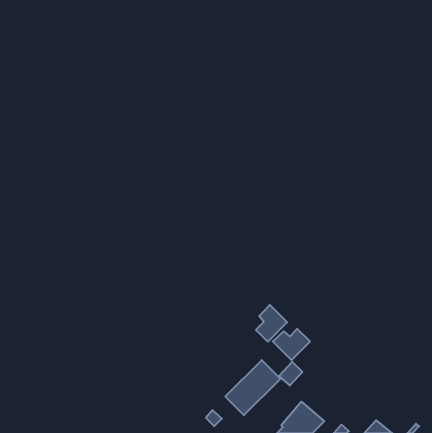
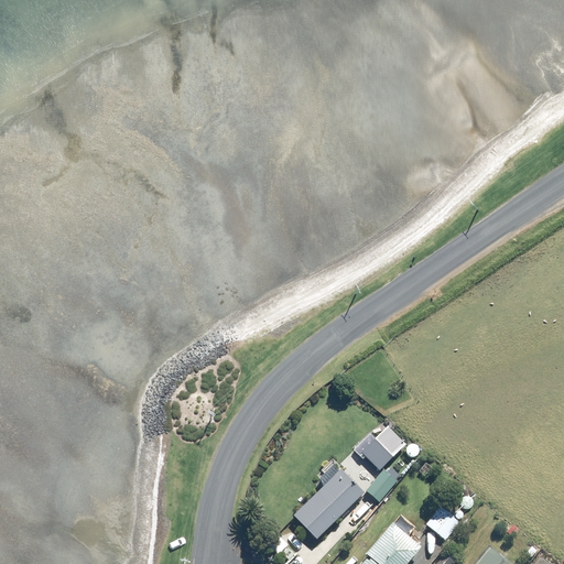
building: [256,305,287,342] -> none
building: none -> [425,507,459,541]

